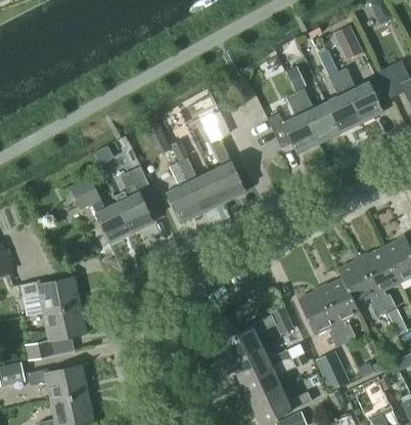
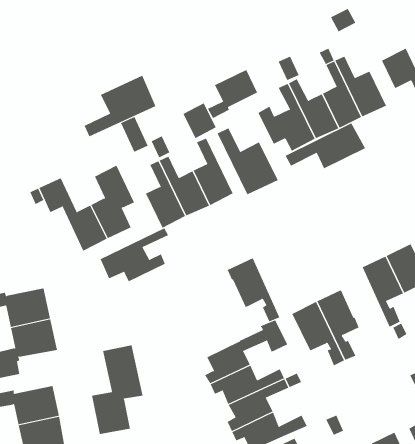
building: none -> [207,69,258,119]
building: none -> [84,75,156,137]
building: none -> [285,123,366,169]
building: none -> [217,128,279,195]
building: none -> [100,228,169,282]
building: [337,258,385,316] -> [227,257,280,322]
building: none -> [92,344,143,435]
building: [315,350,349,390] -> none

